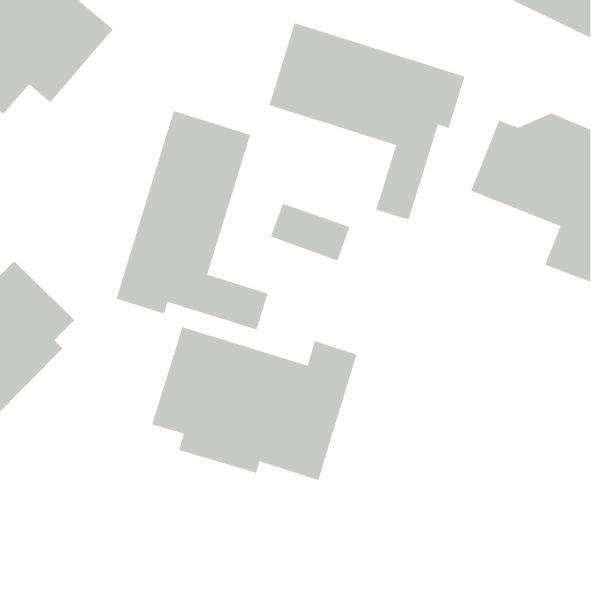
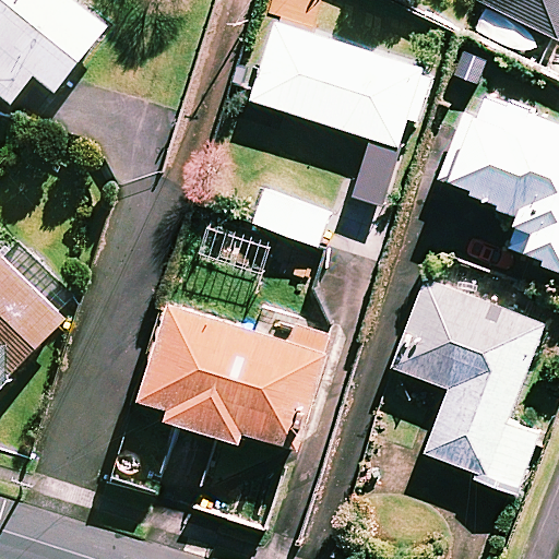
building: [115,110,269,331] -> none
building: none -> [394,281,542,496]

